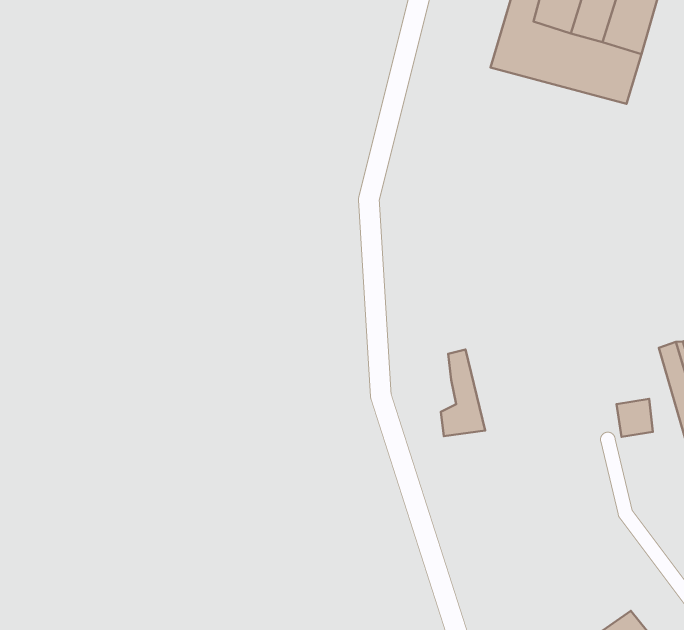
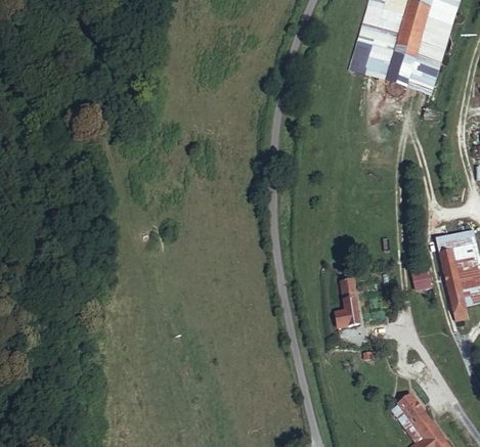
building: [441,350,485,436] -> [335,276,360,326]

